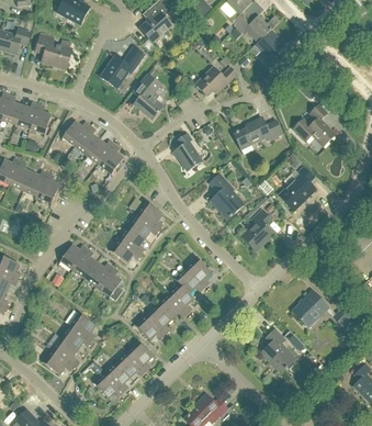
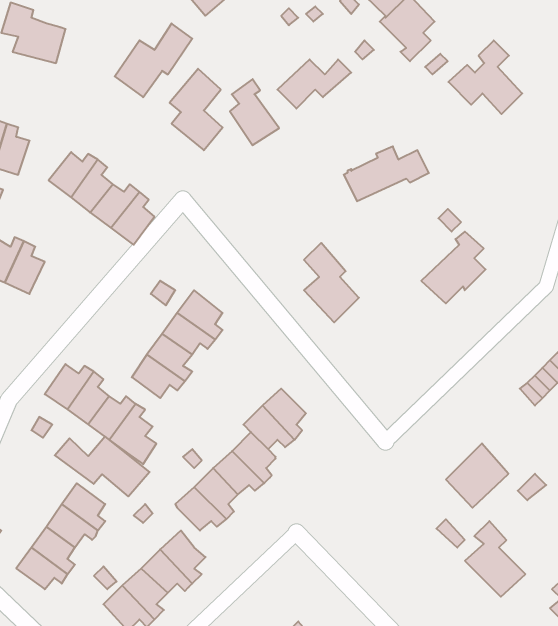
building: [293,103,336,146] -> [448,40,522,114]
building: [174,132,203,170] -> [230,79,279,145]
building: [241,208,274,250] -> none
building: none -> [55,437,150,496]
building: [261,327,296,371] -> [465,521,525,597]

